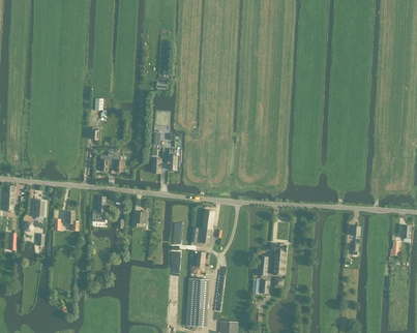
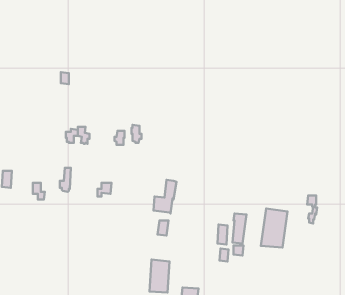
building: none -> [261,208,287,248]

